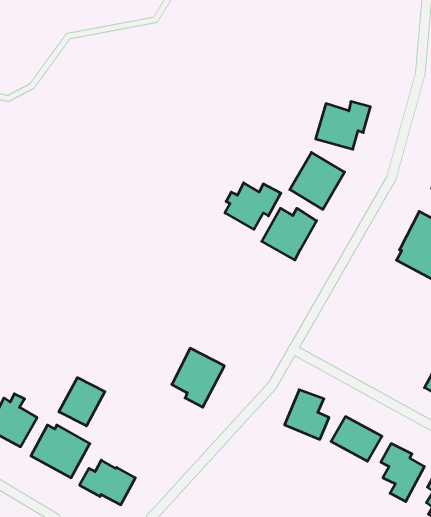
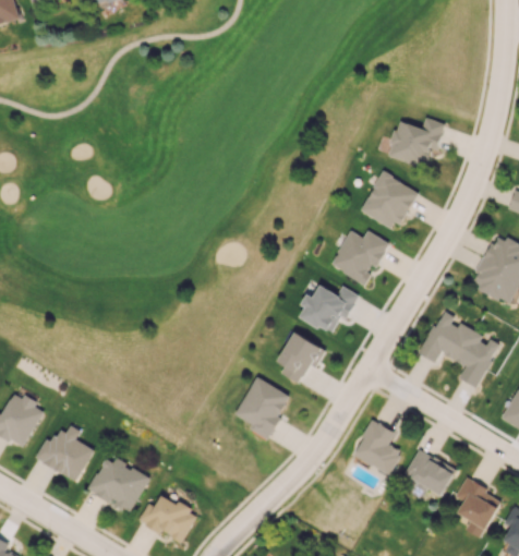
building: [225,183,281,229] -> [300,285,359,334]
building: none -> [420,311,499,388]
building: none -> [277,333,326,384]
building: [59,378,105,426] -> none

